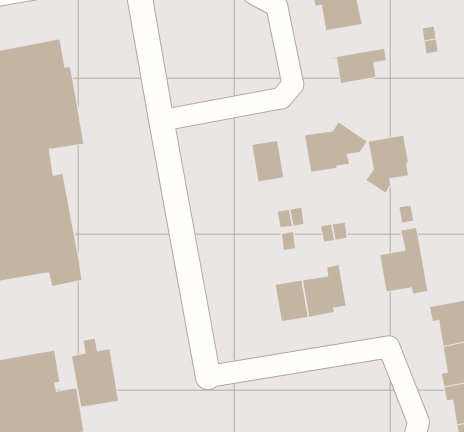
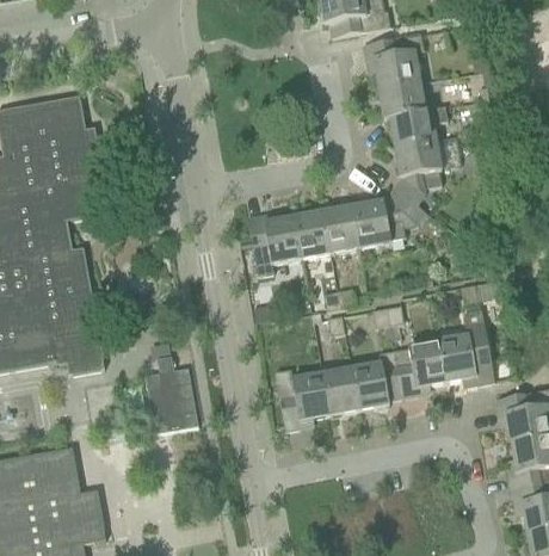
building: none -> [378,80,431,118]
building: none -> [325,205,362,253]
building: [366,135,409,193] -> [393,140,442,205]
building: none -> [247,215,302,276]
building: none -> [394,340,446,397]
building: none -> [275,370,328,431]
building: [71,338,119,407] -> [144,356,198,433]

